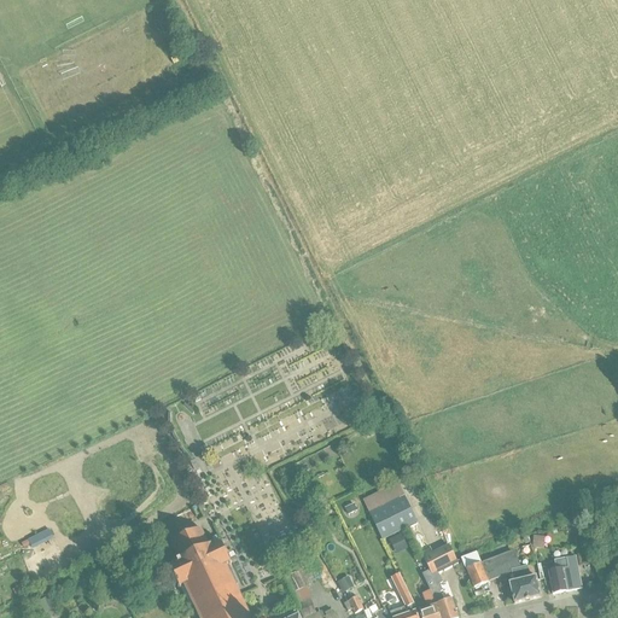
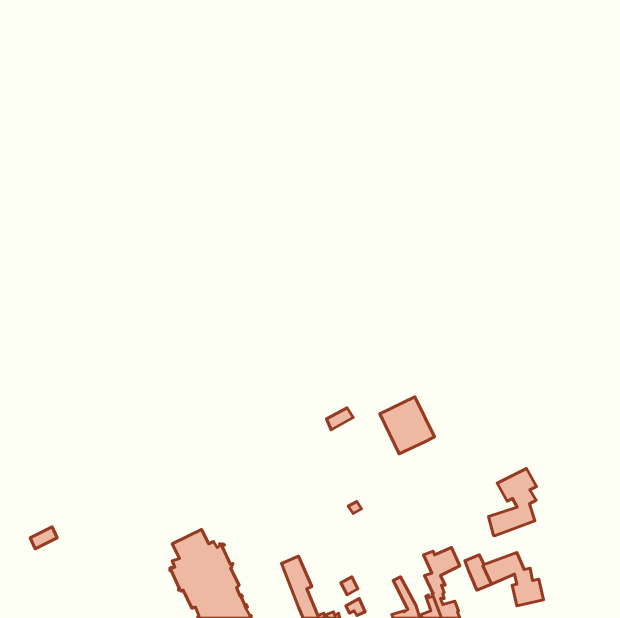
building: none -> [489,468,536,535]
building: [363,482,418,538] -> [380,397,434,454]
building: [548,555,582,594] -> none

